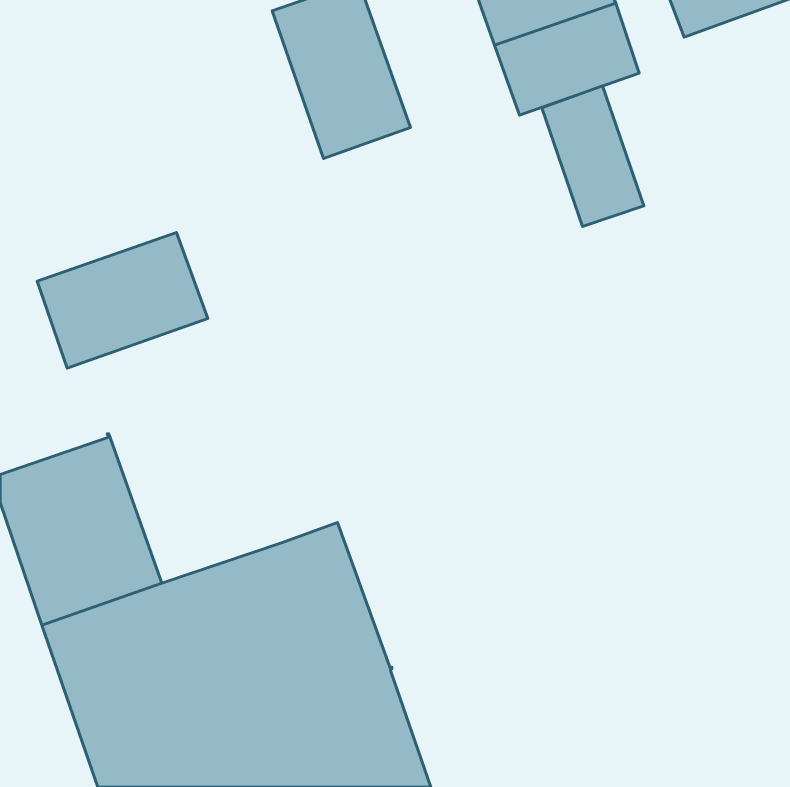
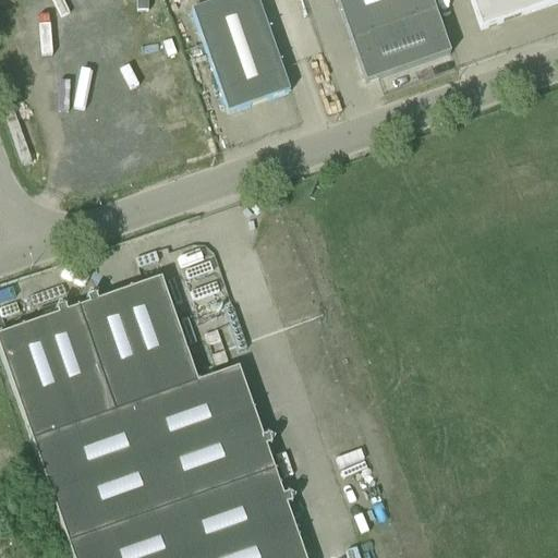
building: [542,86,644,226] -> none
building: [37,233,208,368] -> none
building: none -> [80,277,201,409]

